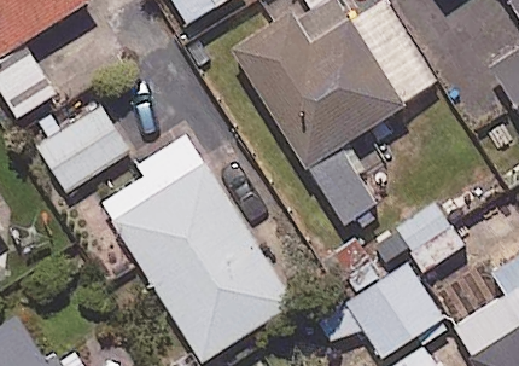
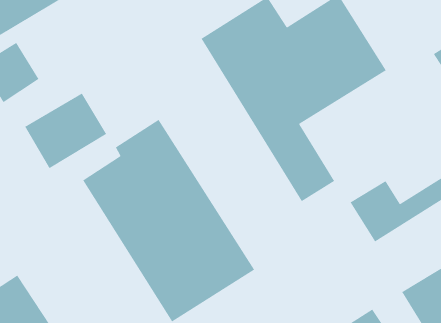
building: [316,263,441,354] -> none

